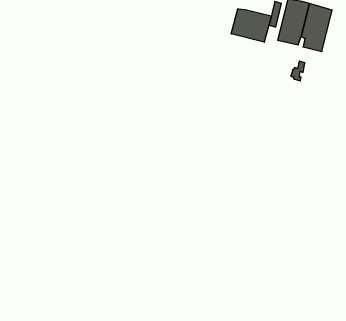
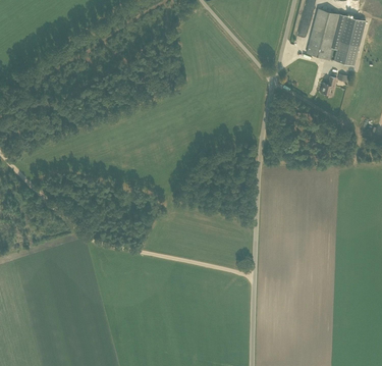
building: [231,9,271,42] -> none

